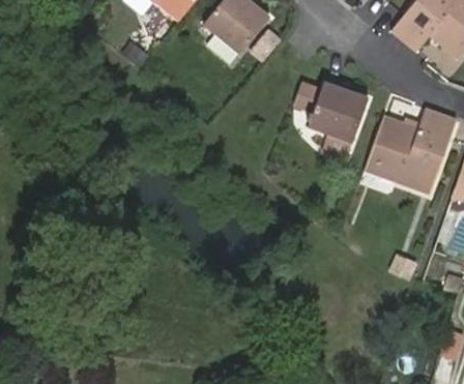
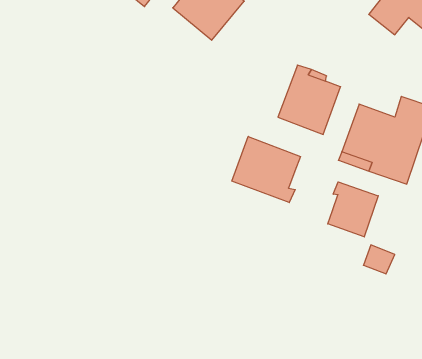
building: none -> [232,136,301,203]
building: none -> [328,182,378,237]

